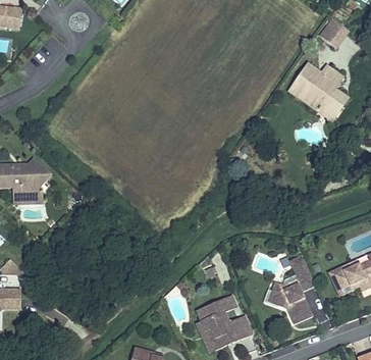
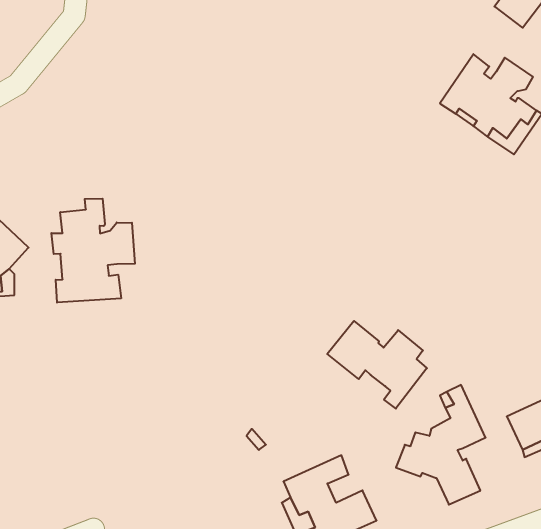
building: none -> [51,199,135,303]
building: none -> [327,321,427,409]

